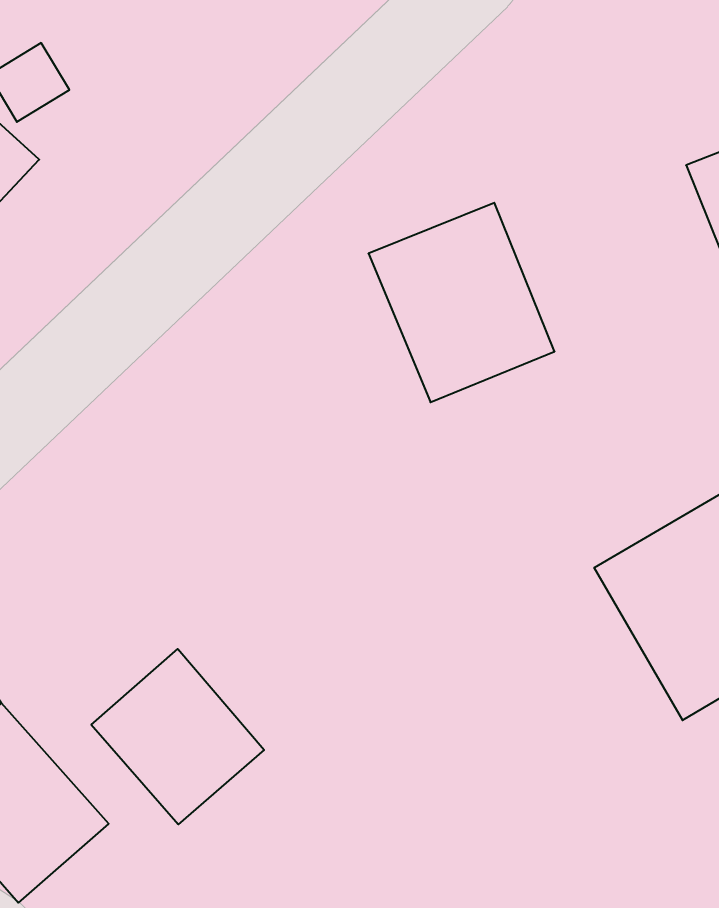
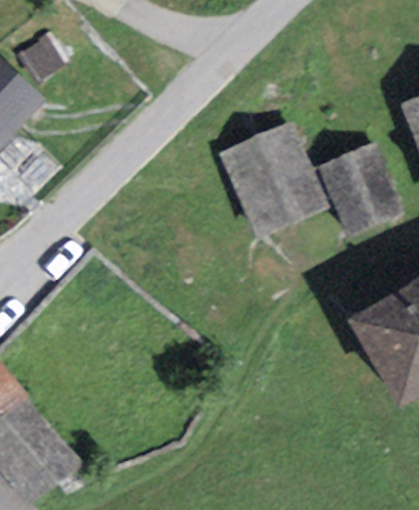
building: none -> [324,146,402,233]
building: [91,649,264,824] -> none

